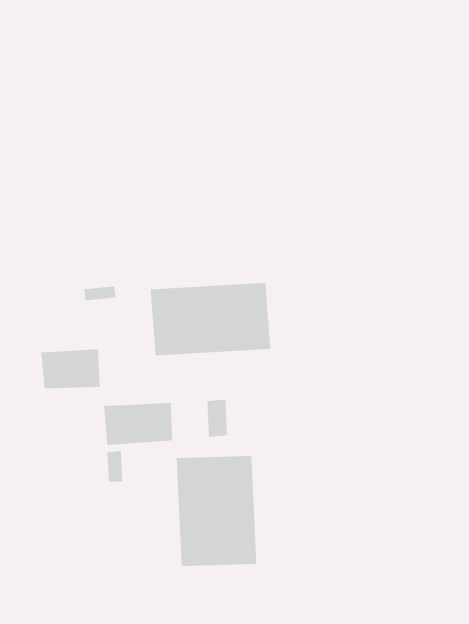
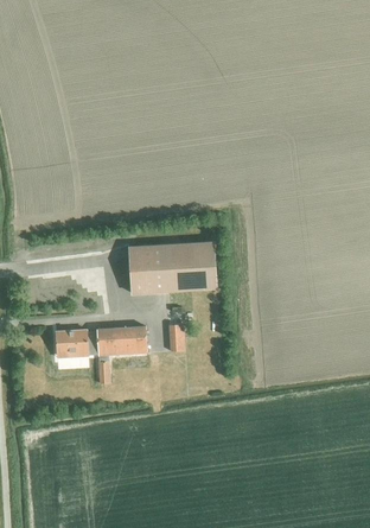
building: [41,349,101,389] -> [53,330,96,358]
building: [176,455,257,567] -> none

